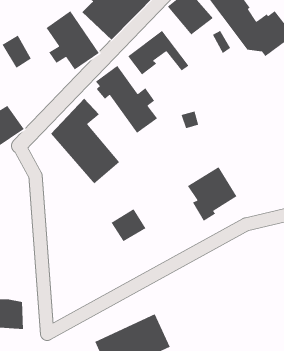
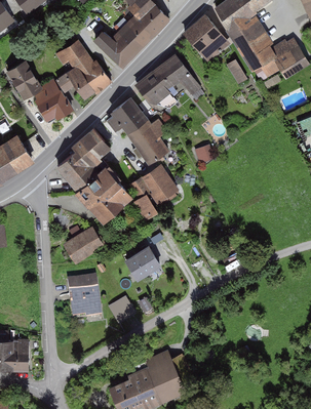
building: none -> [31,81,72,124]
building: [187,166,237,222] -> [128,164,182,222]
building: none -> [64,224,106,263]
building: none -> [67,281,102,321]
building: none -> [110,294,139,322]

